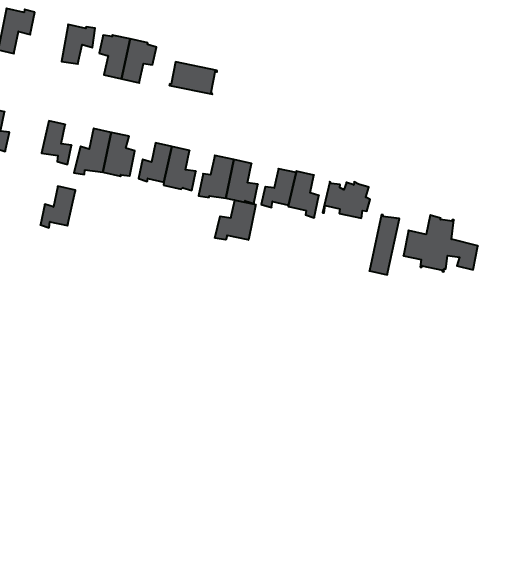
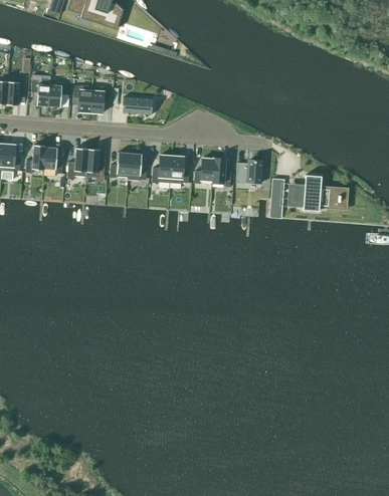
building: none -> [30,79,48,106]
building: [40,186,75,228] -> [24,145,44,173]
building: [215,200,256,240] -> none

